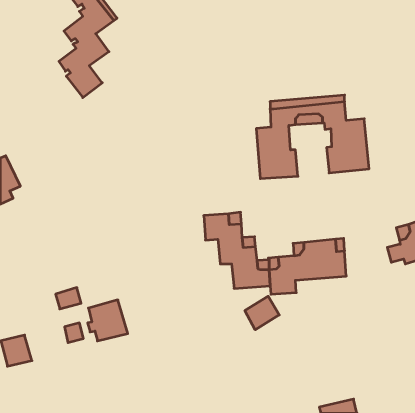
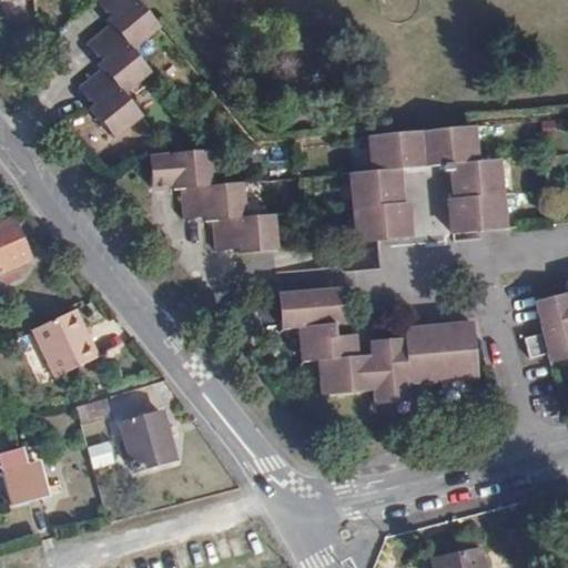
building: none -> [150,153,276,252]
building: none -> [31,302,100,372]
building: [245,296,279,330] -> none

